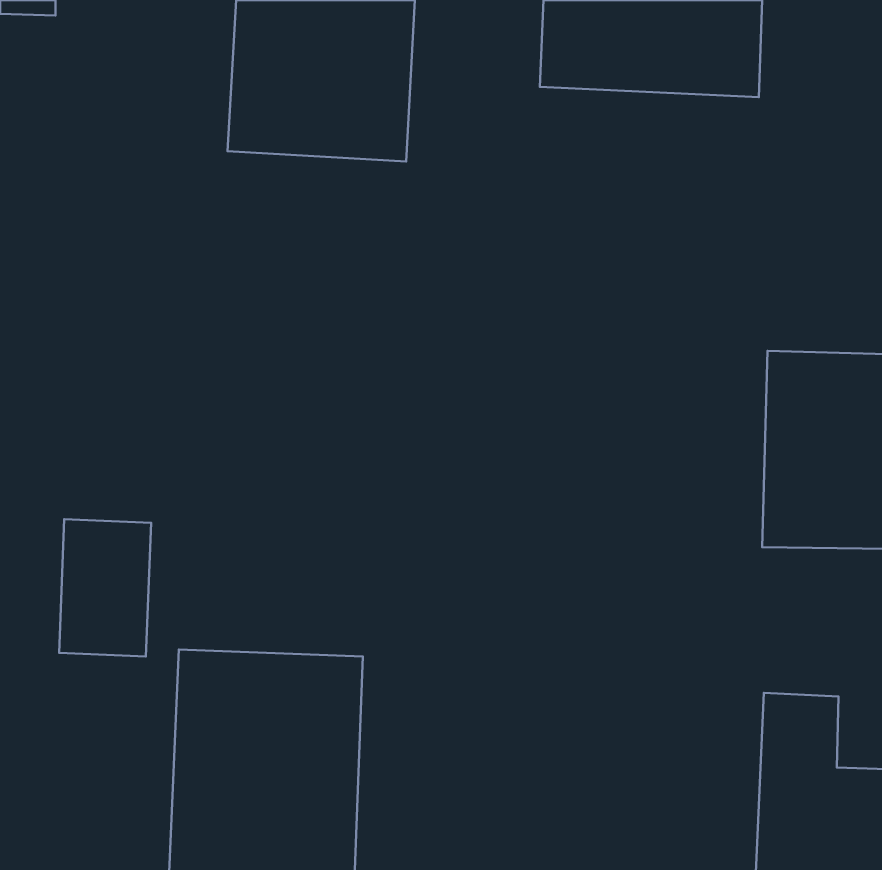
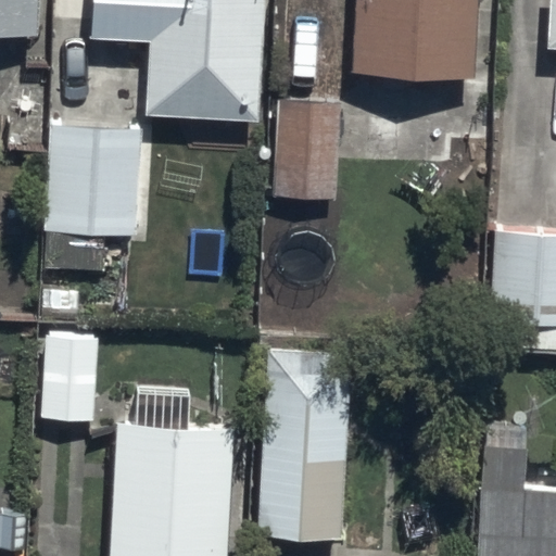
building: none -> [274,66,345,194]
building: none -> [48,126,143,274]
building: none -> [256,357,355,543]

